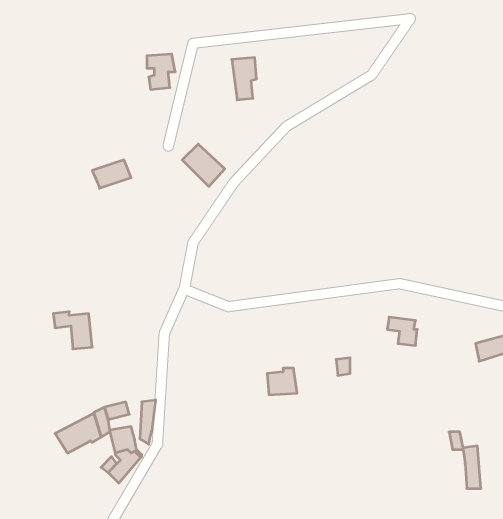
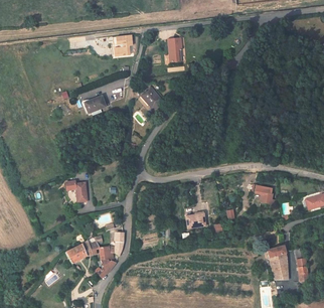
building: none -> [268,246,289,282]

